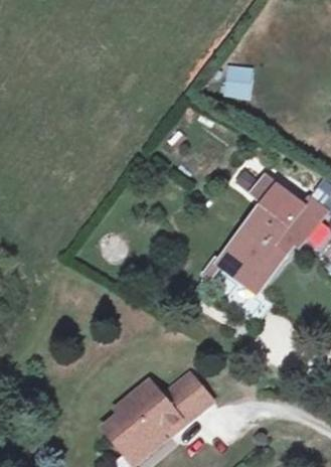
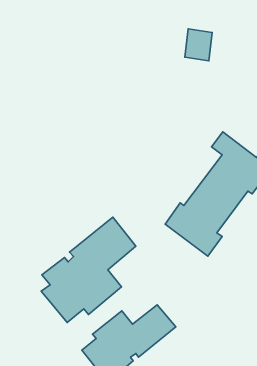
building: none -> [41,217,136,322]

